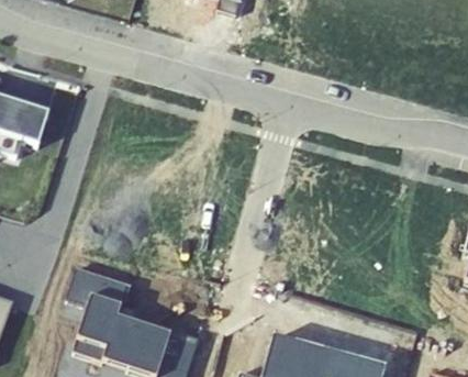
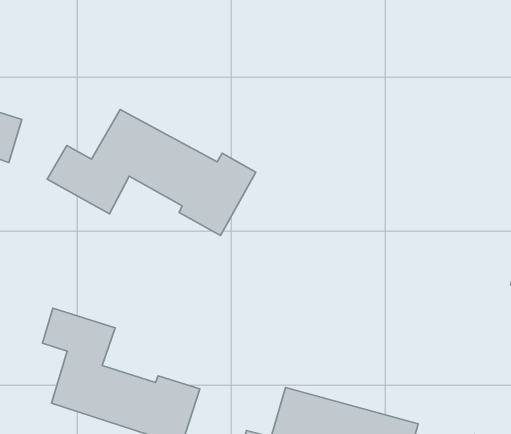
building: none -> [47,109,256,236]

